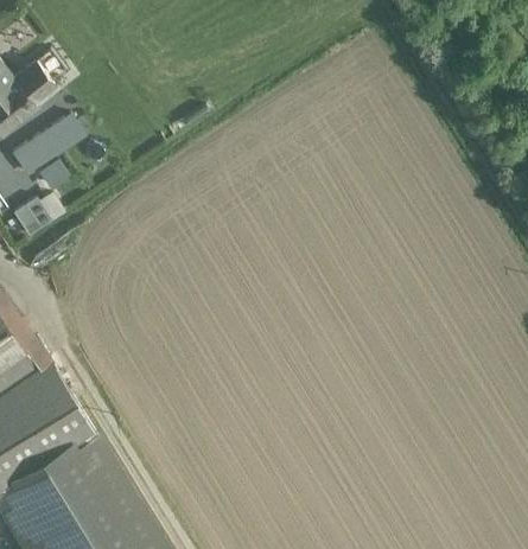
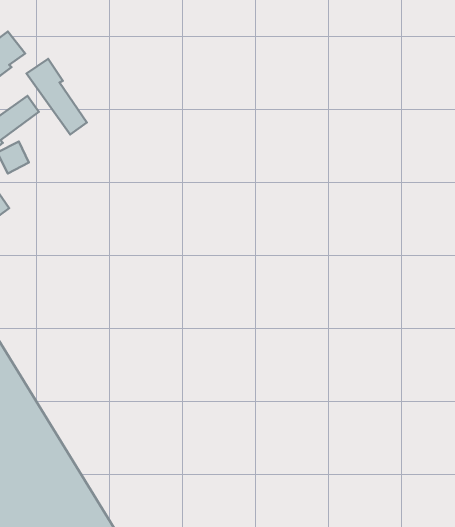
building: none -> [27,59,87,135]

